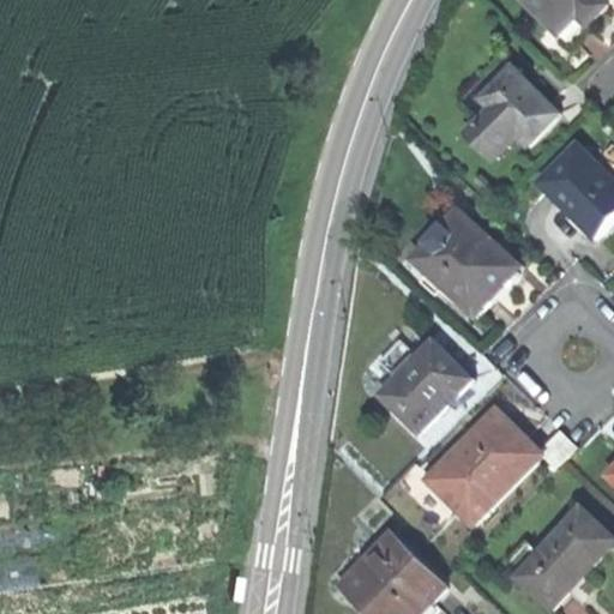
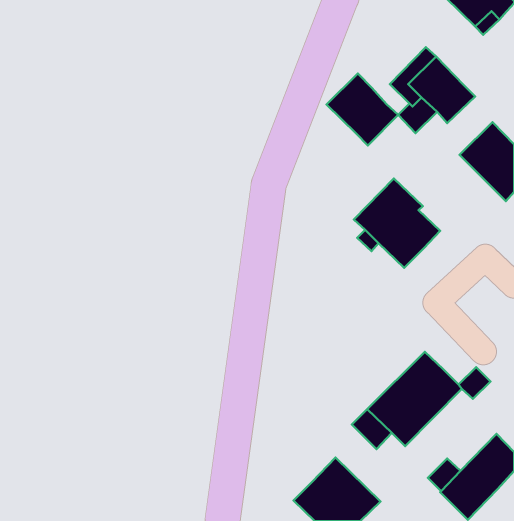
building: none -> [326,74,398,146]
building: [380,339,471,432] -> none

